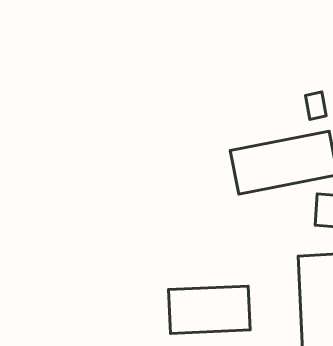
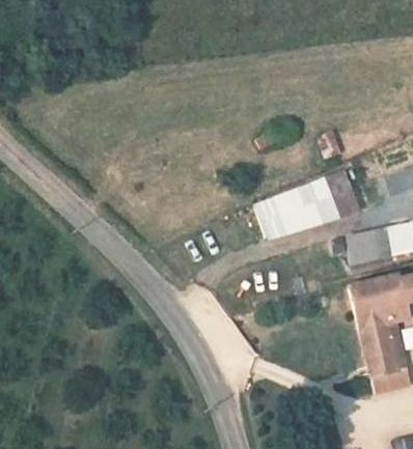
building: [169,286,250,333] -> none

